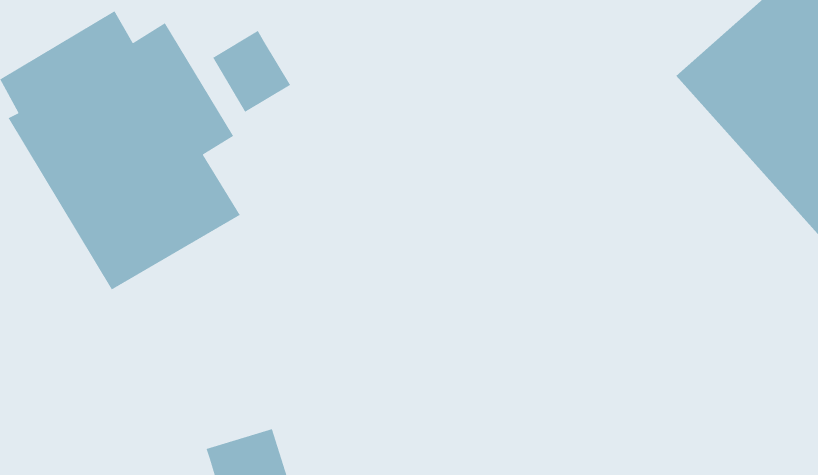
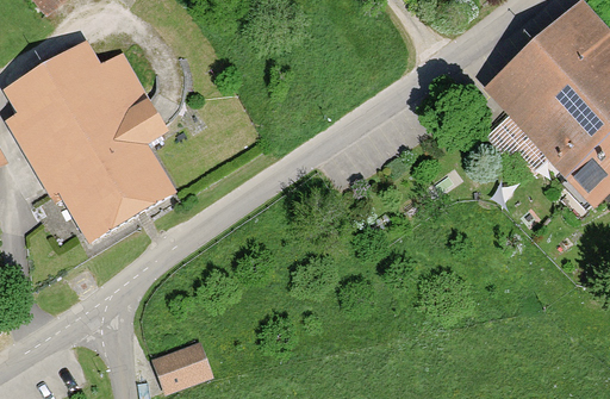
building: [212,30,291,113] -> none

